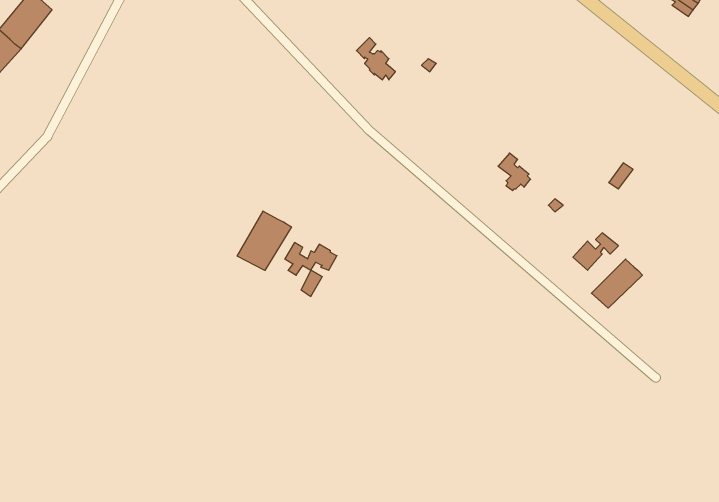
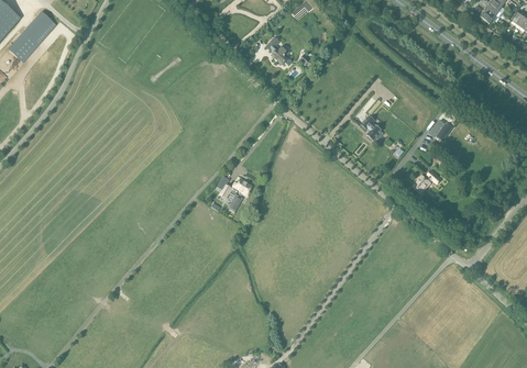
building: [237,211,291,270] -> none
building: [591,259,642,308] -> none

